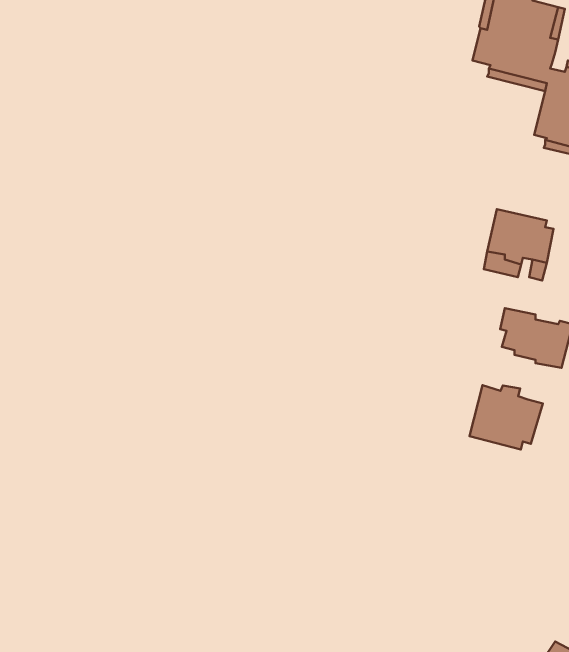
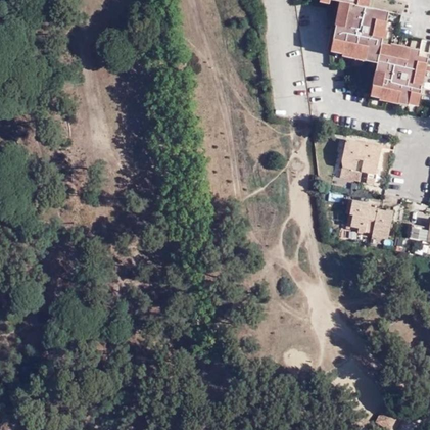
building: [470,385,543,449] -> none

